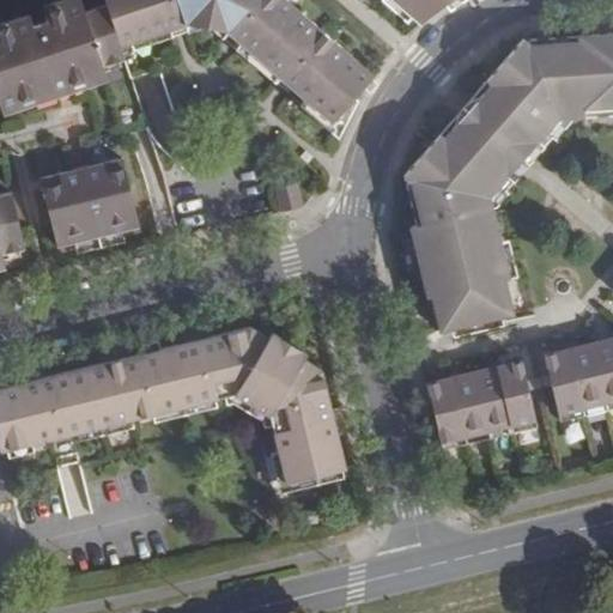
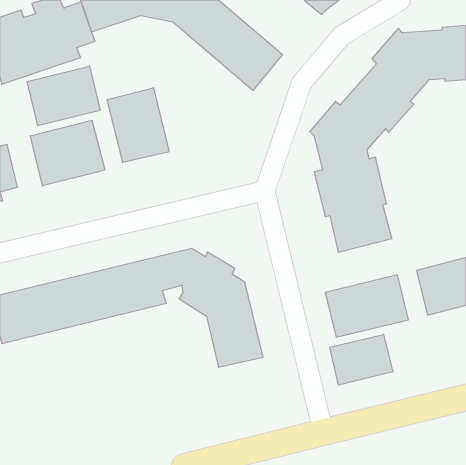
building: none -> [27,66,100,126]
building: none -> [107,88,169,163]
building: none -> [330,334,393,385]

